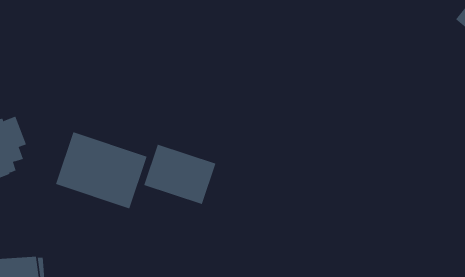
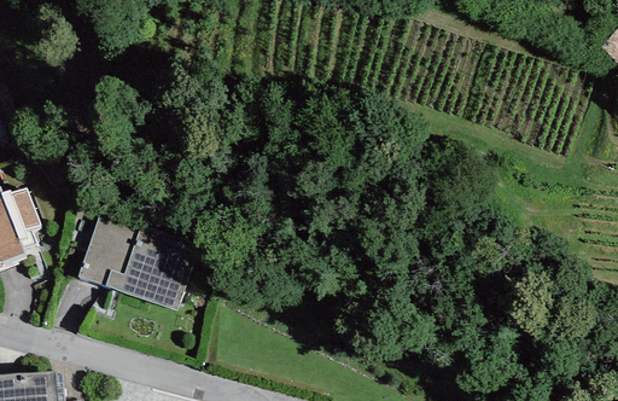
building: [144,144,216,205] -> none

